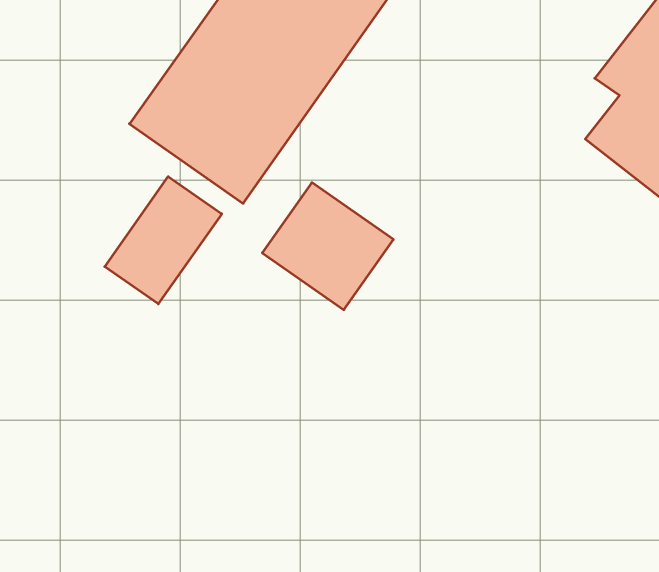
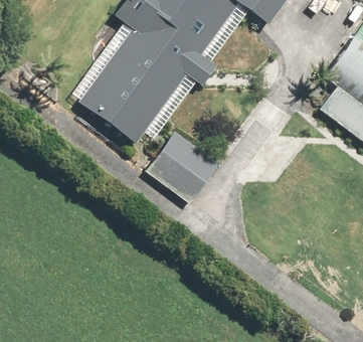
building: [105,177,222,304] -> none

